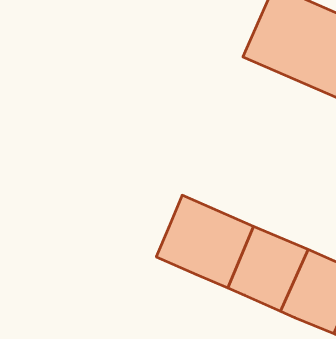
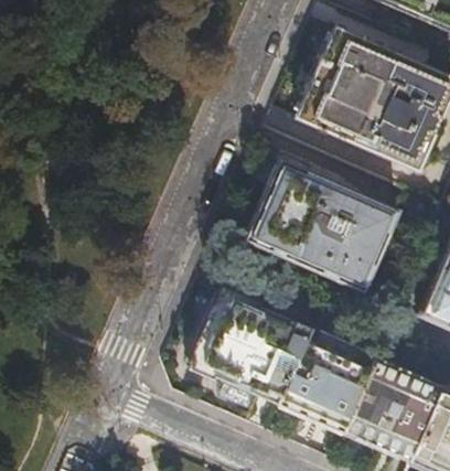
building: none -> [249,161,401,292]

